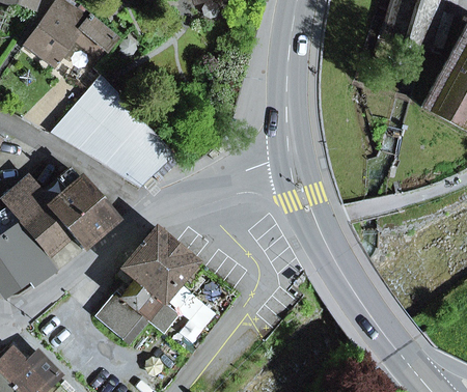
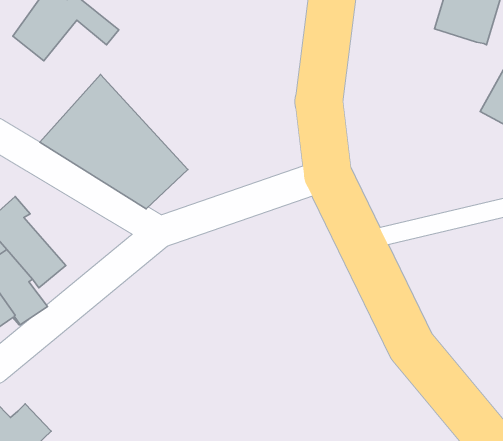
building: [37,168,118,248] -> none
building: [97,228,200,343] -> none

